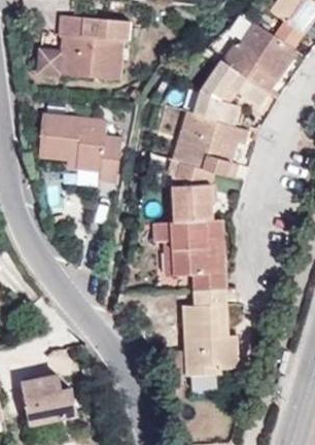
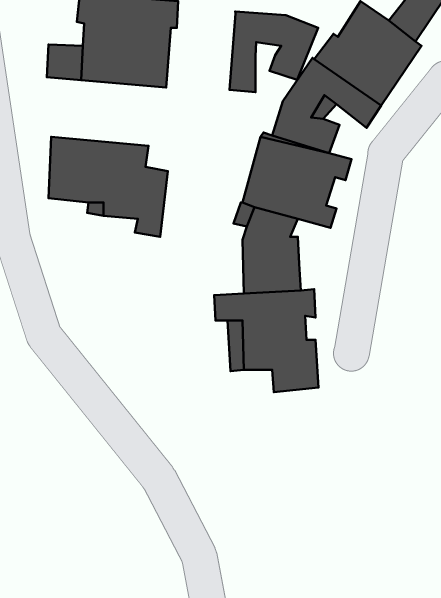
building: none -> [230,11,318,92]
building: [182,287,238,374] -> none
building: [23,373,78,424] -> none

